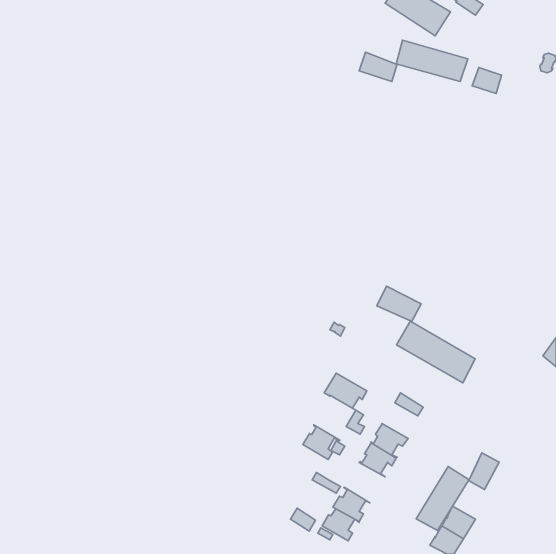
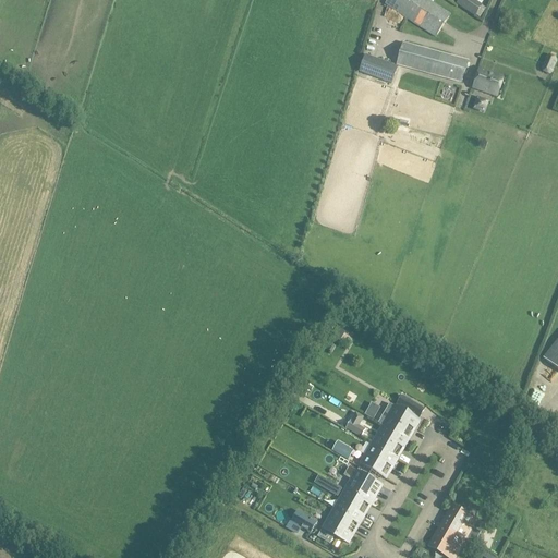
building: [377,286,475,383] -> none
building: [324,373,367,410] -> [377,402,420,439]
building: [303,425,340,460] -> [345,469,383,504]
building: [416,453,499,531] -> none

